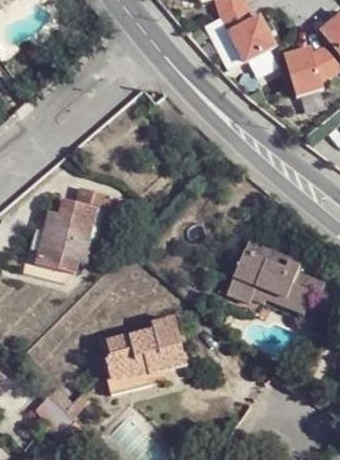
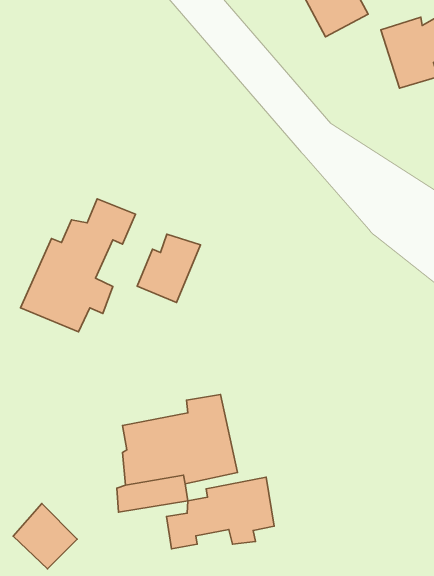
building: none -> [137,234,201,303]
building: [223,249,313,322] -> none
building: none -> [166,477,274,549]

